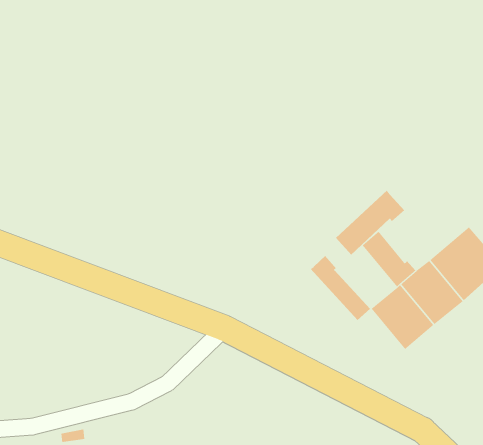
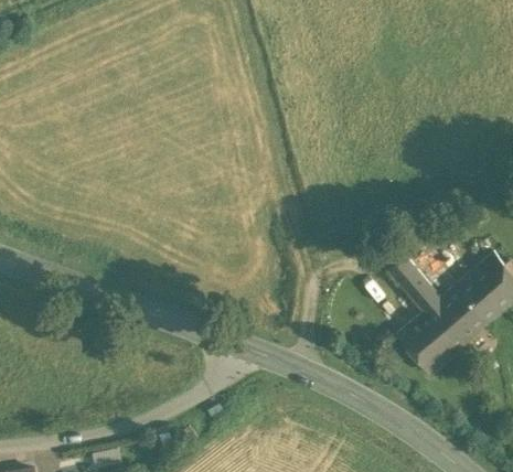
building: [335,190,405,256] -> none
building: [310,255,371,321] -> none

